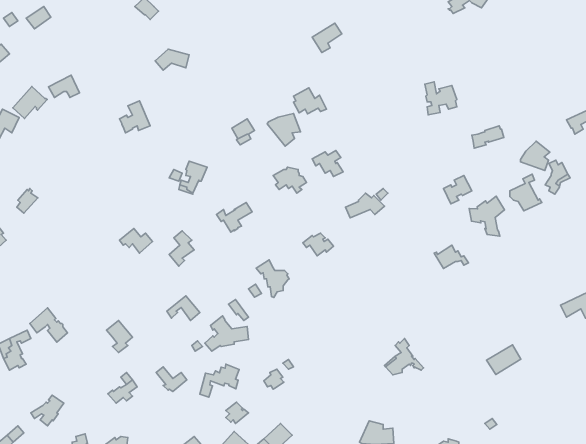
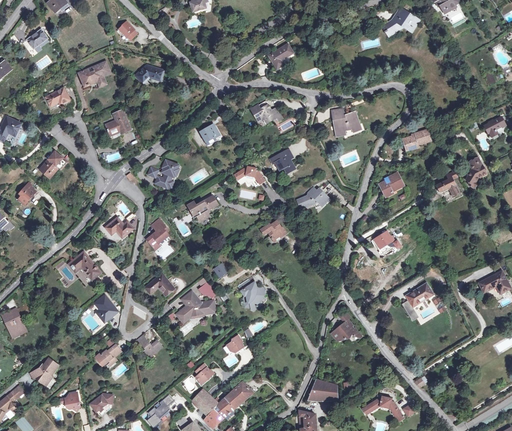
building: none -> [78,63,110,87]
building: [425,82,457,115] -> [332,108,359,136]
building: [13,87,47,118] -> [39,151,68,178]
building: [267,113,300,146] -> none
building: [520,141,550,171] -> none
building: [469,196,505,236] -> none
building: [256,260,289,298] -> [236,278,264,310]
building: [30,308,68,342] -> [68,251,100,280]
building: [486,345,521,374] -> [404,282,433,307]
building: [200,364,239,397] -> none

